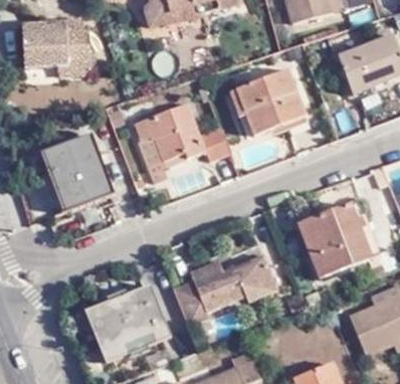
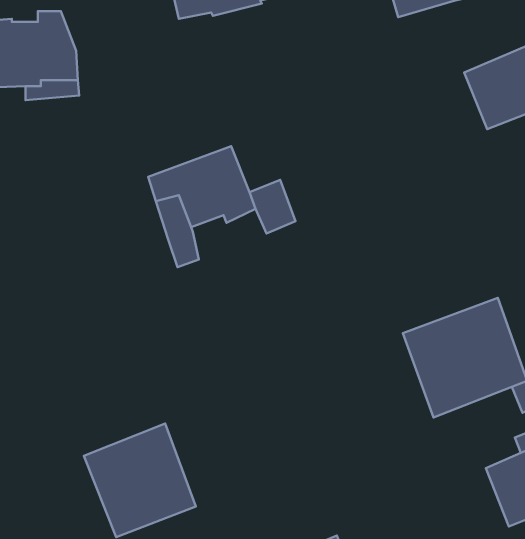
building: [231,68,301,135] -> none
building: [39,135,107,213] -> none
building: [176,258,280,330] -> none

